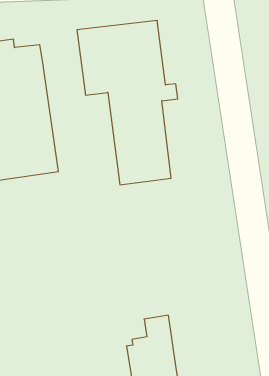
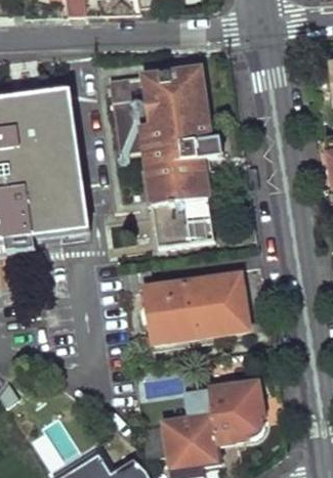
building: none -> [120,264,249,341]
building: none -> [211,382,266,444]

